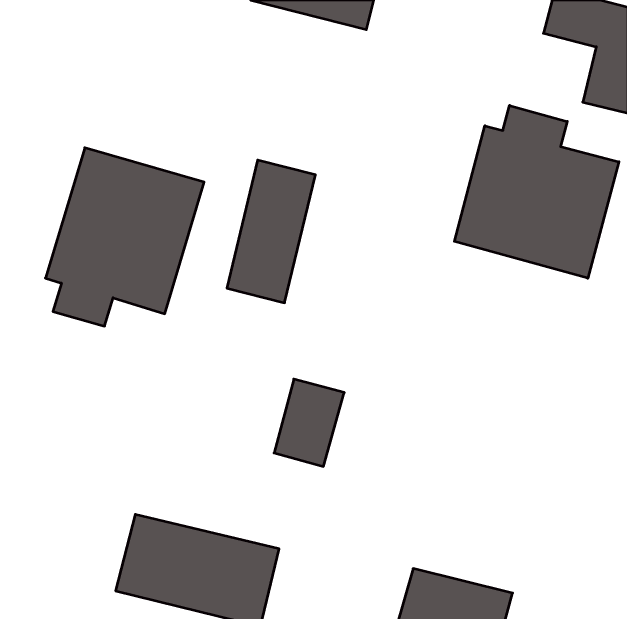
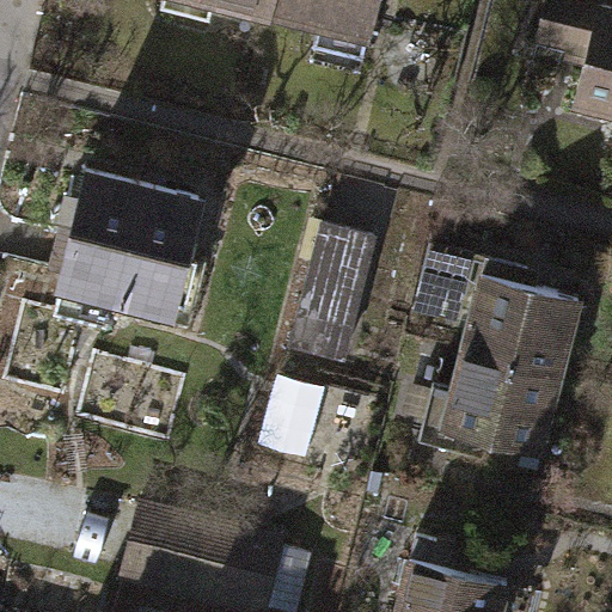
building: [454,105,619,278] -> none
building: [227,160,315,303] -> [289,226,375,365]
building: none -> [416,263,585,458]

